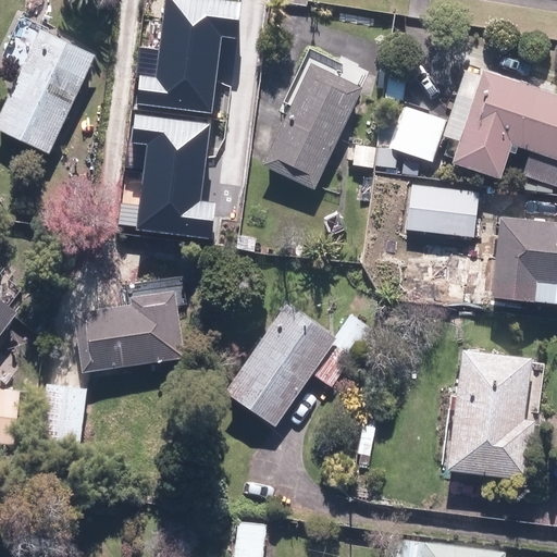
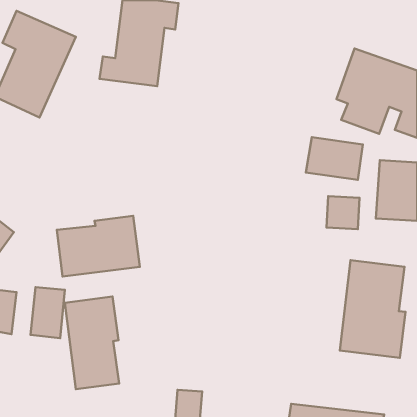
building: [262,46,363,189] -> none
building: [392,106,446,163] -> none
building: [126,117,210,243] -> none
building: [232,304,373,421] -> none
building: none -> [65,296,119,389]

